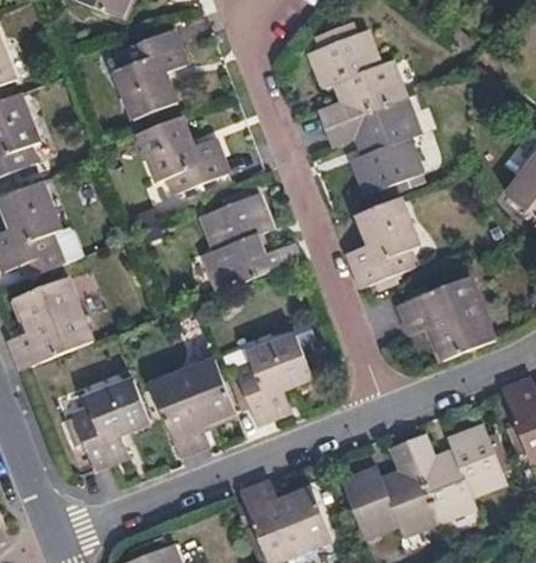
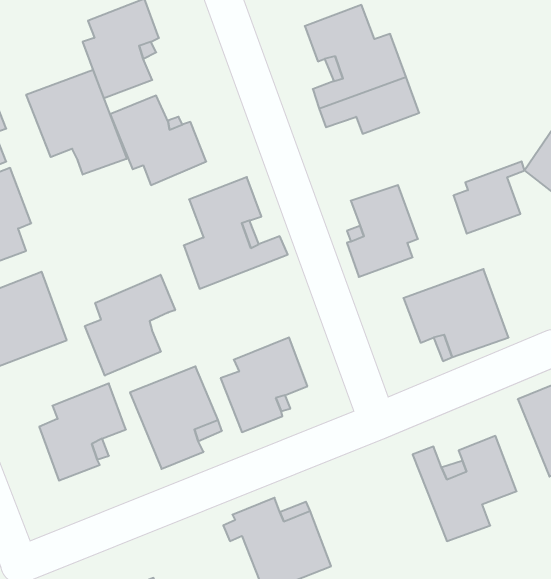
building: none -> [26,70,127,175]
building: [352,132,416,197] -> [453,161,524,234]
building: none -> [85,275,175,376]
building: [345,441,439,534] -> none

